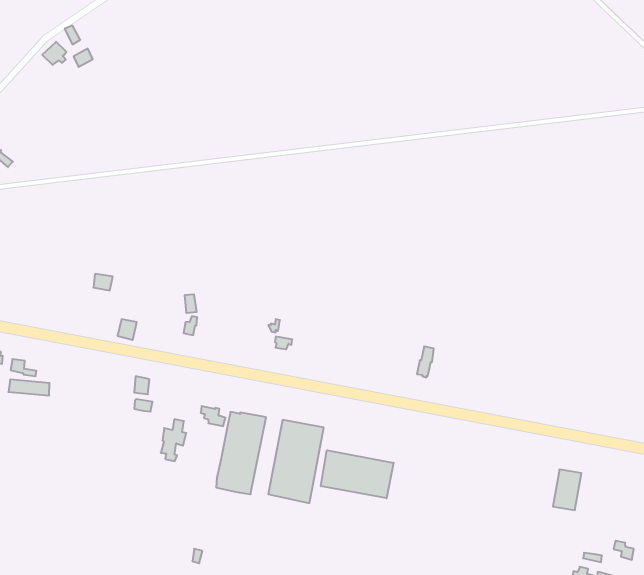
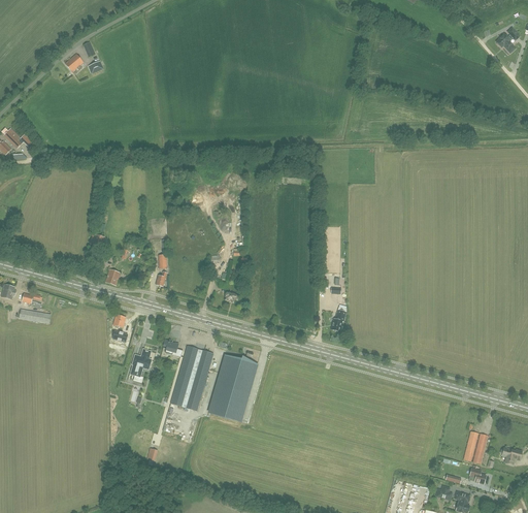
building: [321,450,394,498] -> none
building: [553,469,581,510] -> [463,430,487,462]

